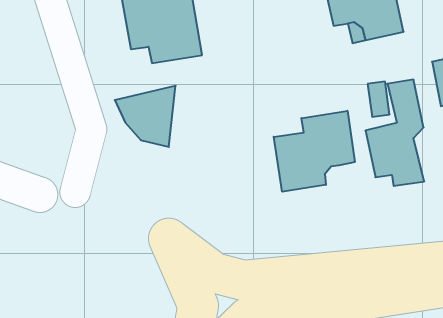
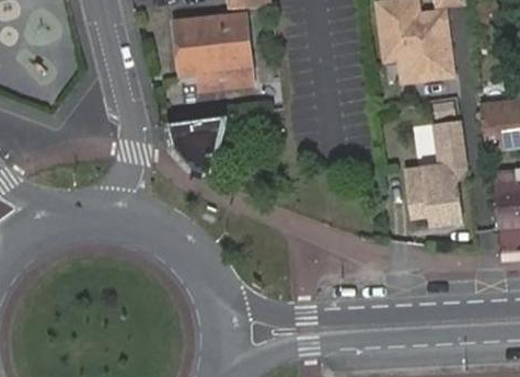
building: [274,111,355,192] -> none

